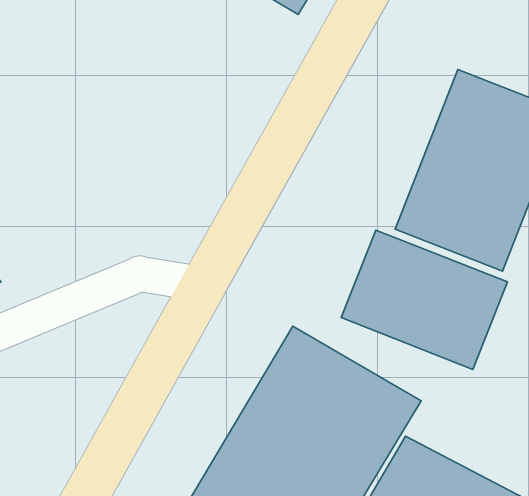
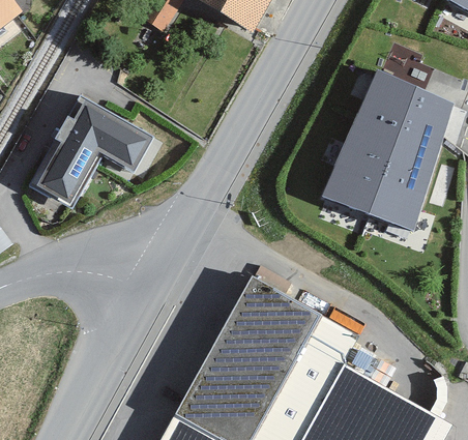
building: none -> [45,102,149,198]
building: [341,230,507,369] -> none

